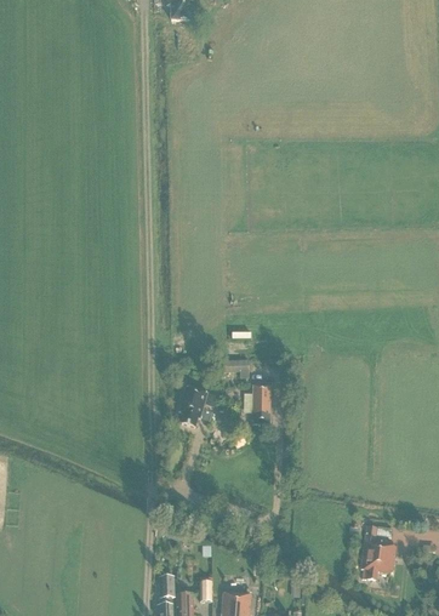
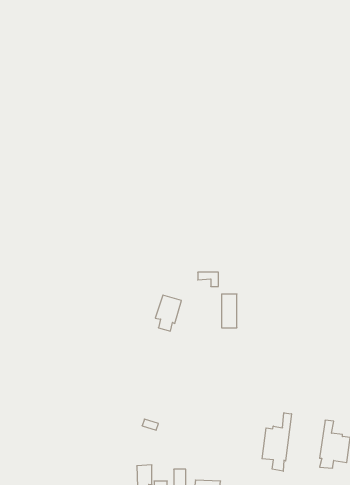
building: none -> [262,413,291,471]

